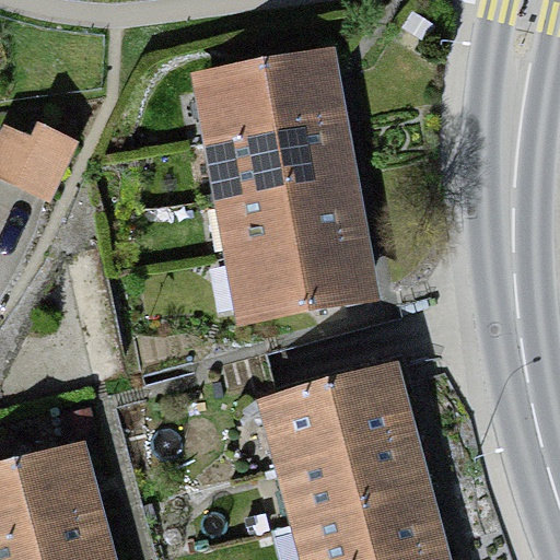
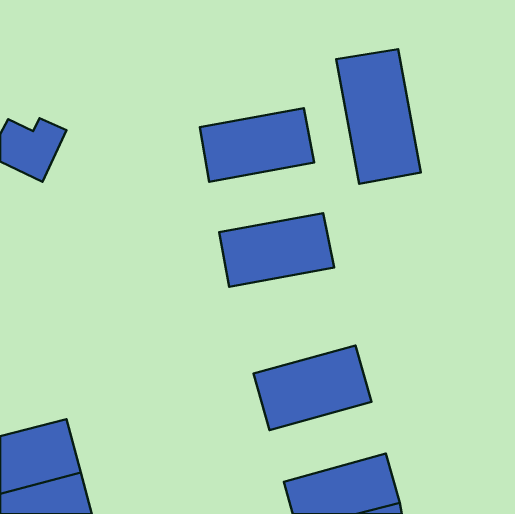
building: none -> [336,49,421,184]
building: [207,59,330,138] -> none
building: [228,176,351,252] -> none
building: [293,435,419,522] -> none

